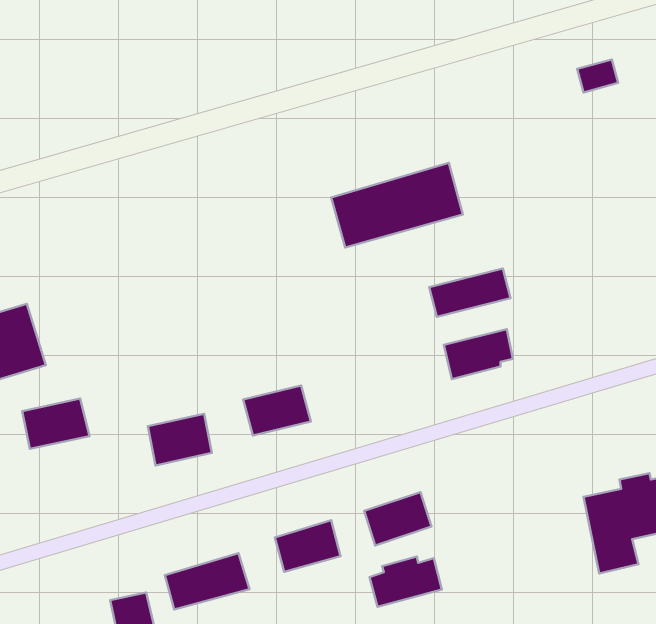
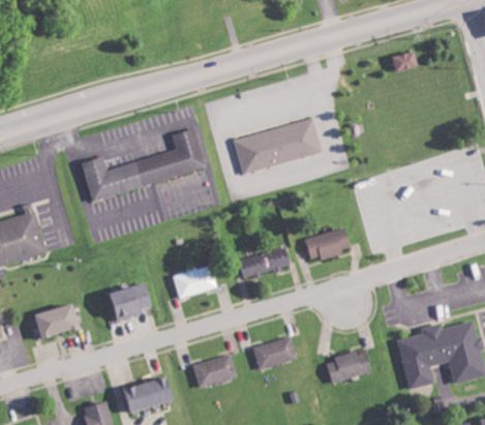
building: none -> [77,129,201,201]
building: [429,268,511,317] -> [238,246,292,278]
building: [22,399,89,449] -> [36,304,81,337]
building: [370,557,442,607] -> [325,351,372,384]

